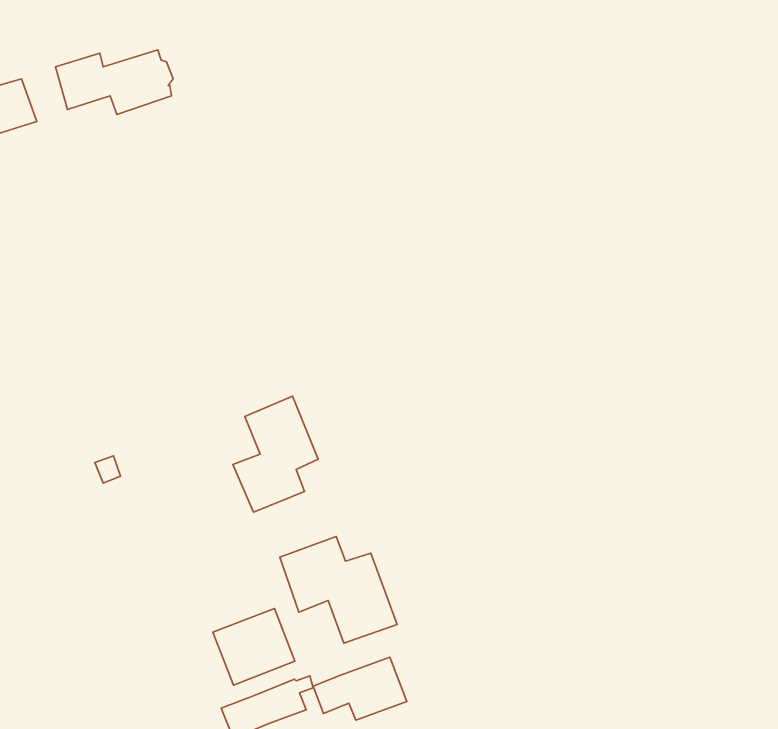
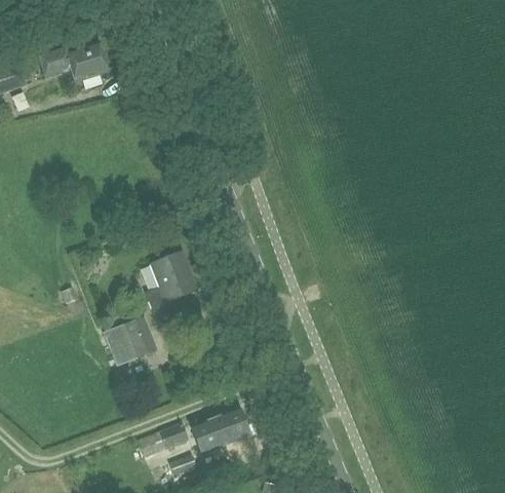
building: [280,536,397,643] -> none
building: [213,608,295,685] -> [107,316,156,363]

